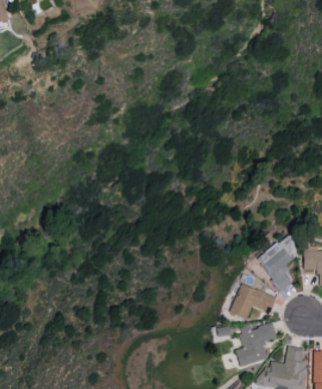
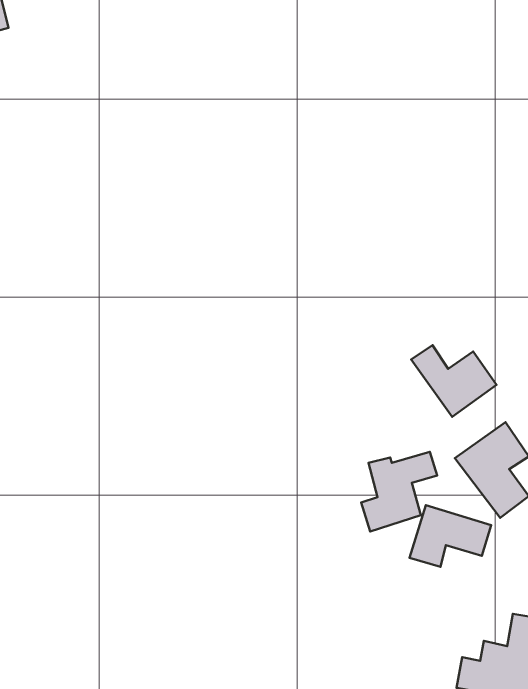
building: none -> [411,345,497,417]
building: [236,323,278,367] -> [361,452,437,532]

